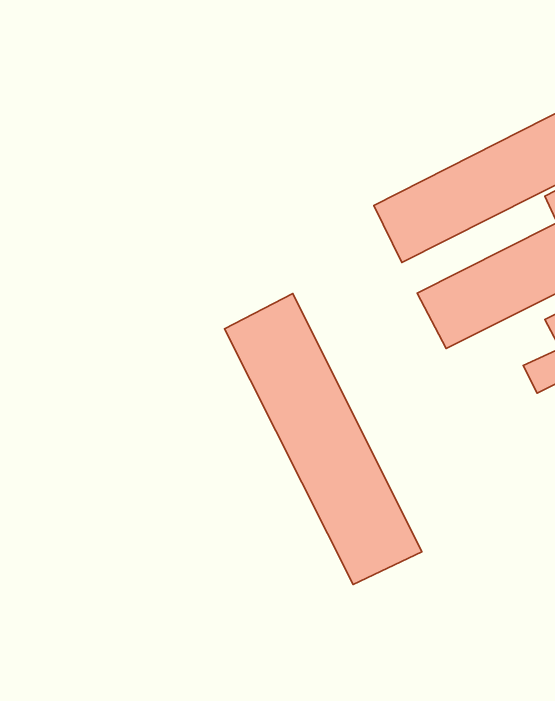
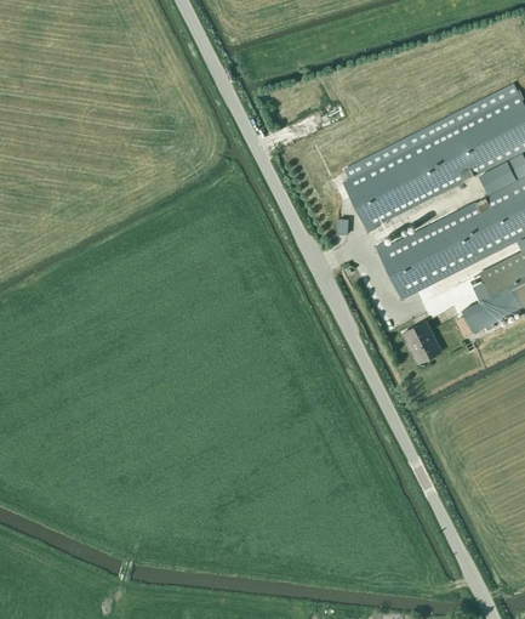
building: [225,294,422,584] -> none
building: none -> [403,319,439,362]

